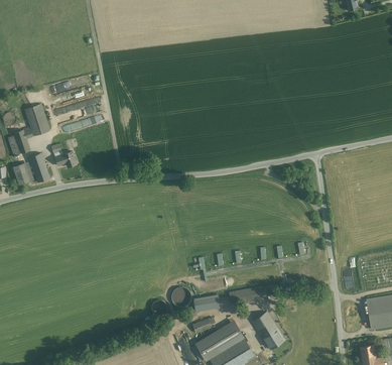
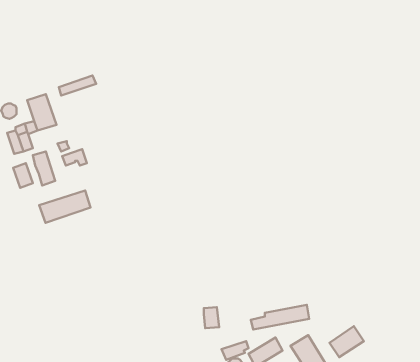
building: none -> [39,190,91,223]
building: none -> [330,326,364,357]

